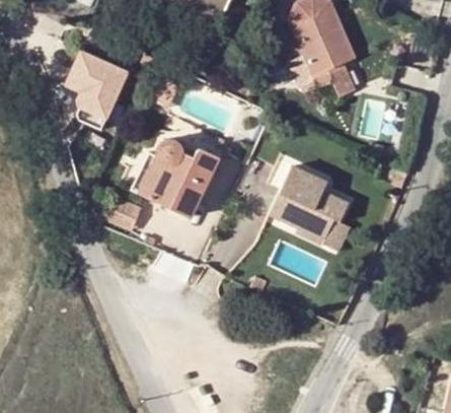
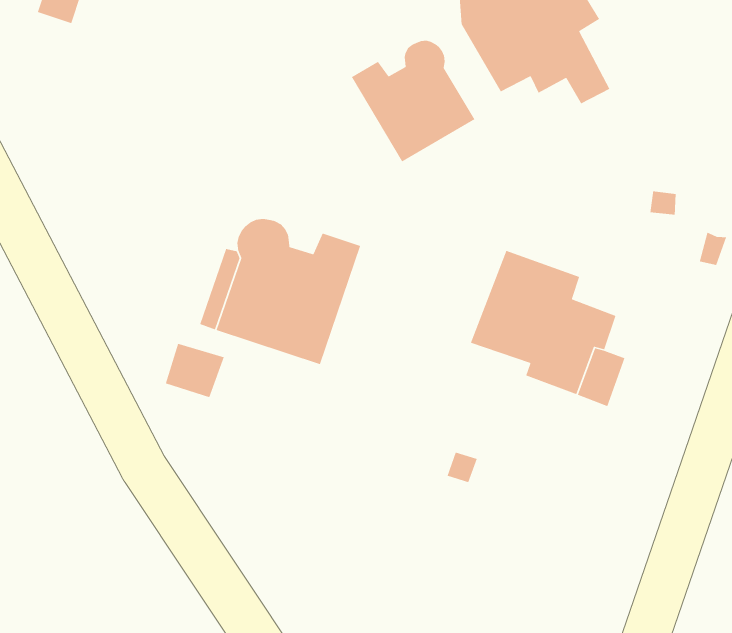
building: [64,45,134,125] -> none
building: none -> [351,40,475,162]

